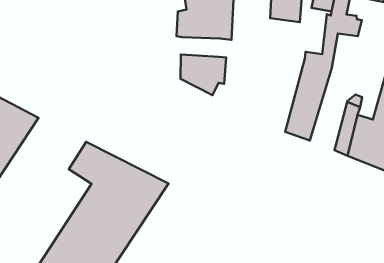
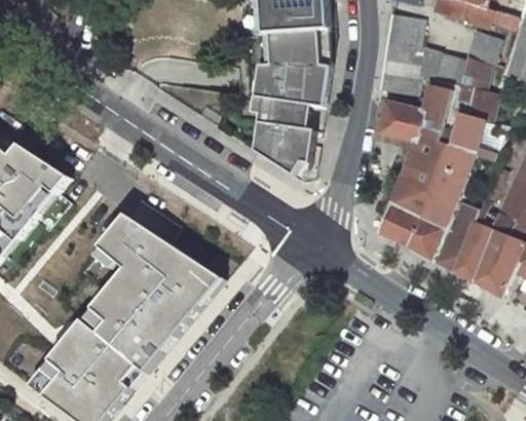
building: none -> [377,84,446,141]
building: none -> [407,114,502,257]
building: none -> [257,97,308,126]

